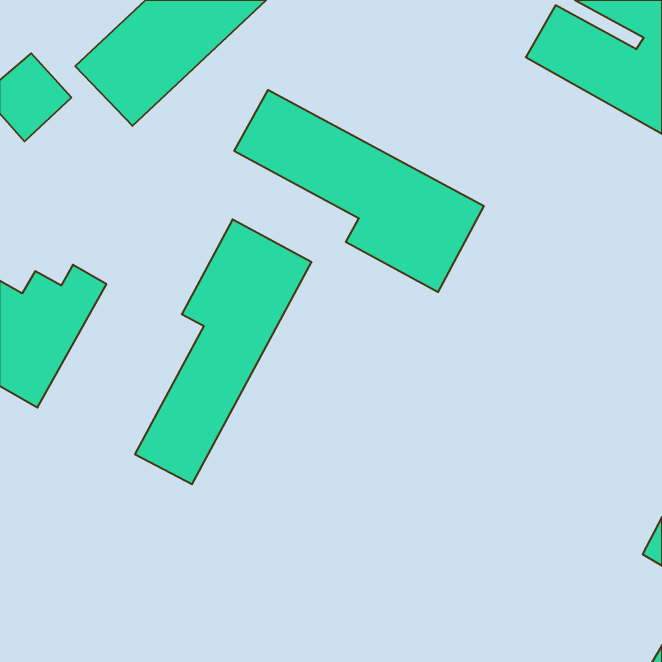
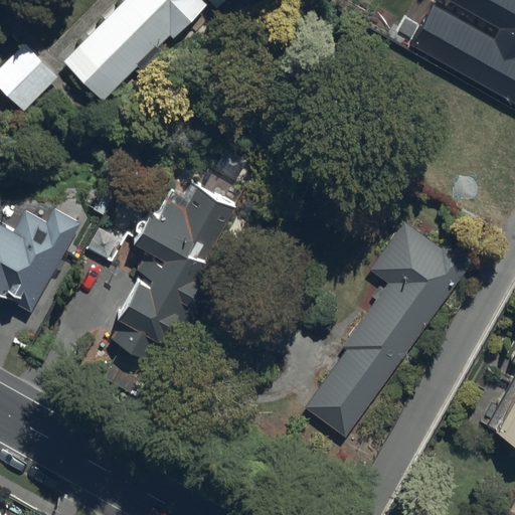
building: [234,90,484,292] -> none
building: none -> [301,219,478,436]

